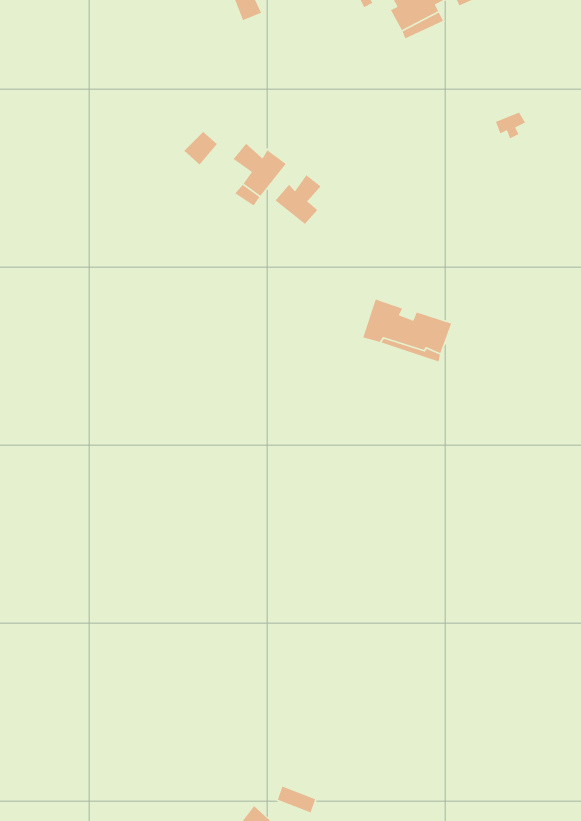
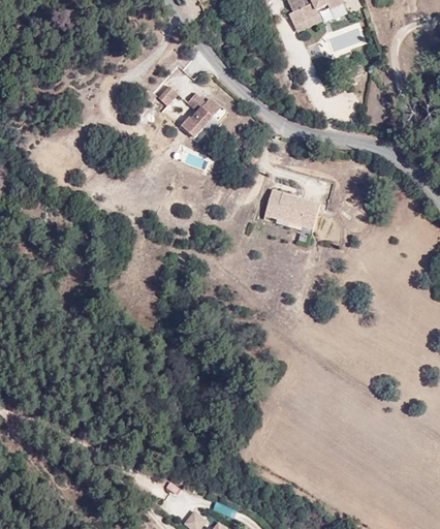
building: [275,174,321,225] -> none

